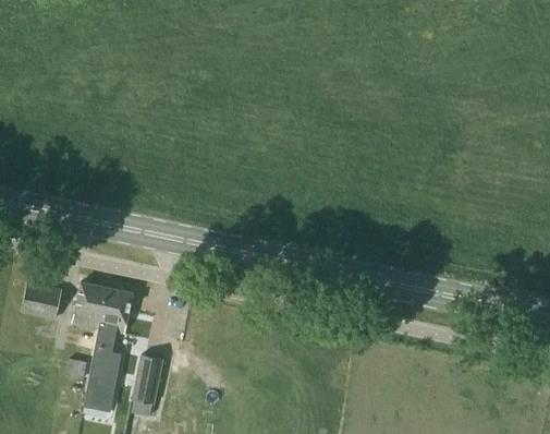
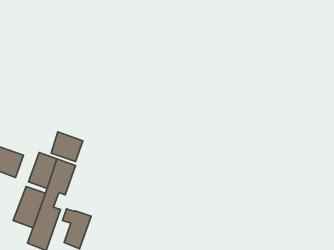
building: none -> [51,132,83,161]
building: none -> [13,186,45,228]

